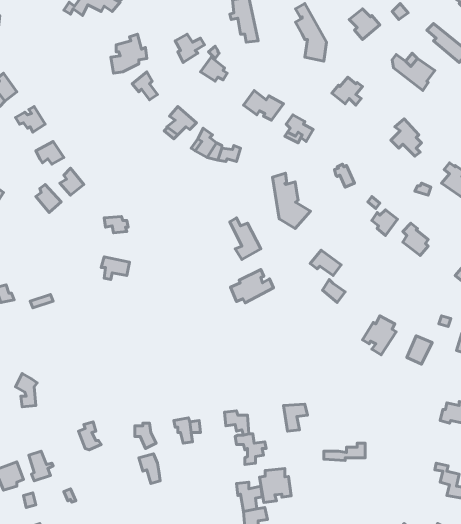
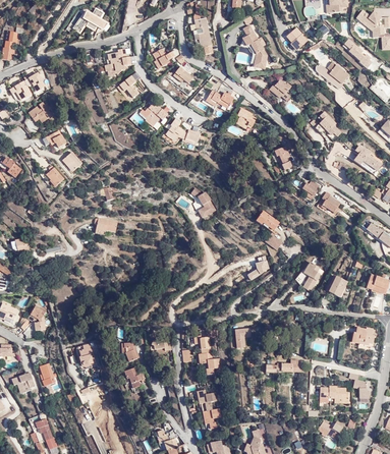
building: [273,173,311,229] -> none
building: [230,269,274,303] -> none
building: [260,468,291,502] -> none
building: none -> [320,385,349,403]

